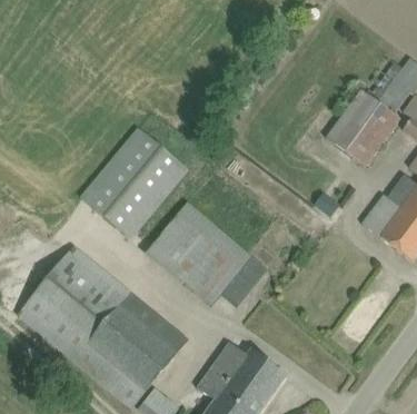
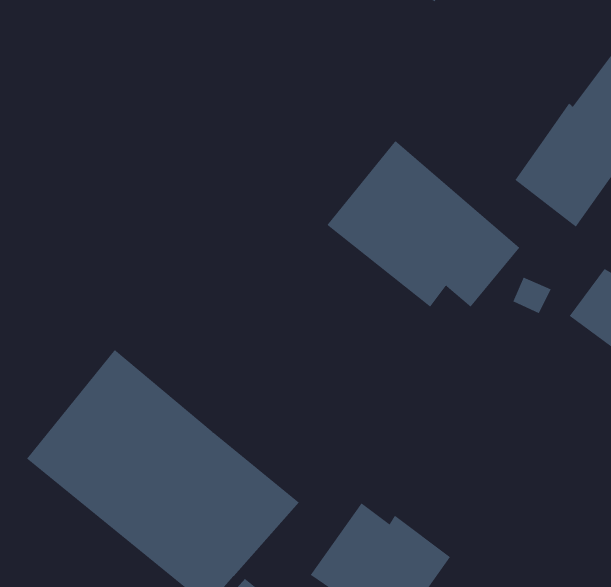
building: [79,126,188,238] -> none
building: [145,201,267,307] -> [326,140,520,308]

